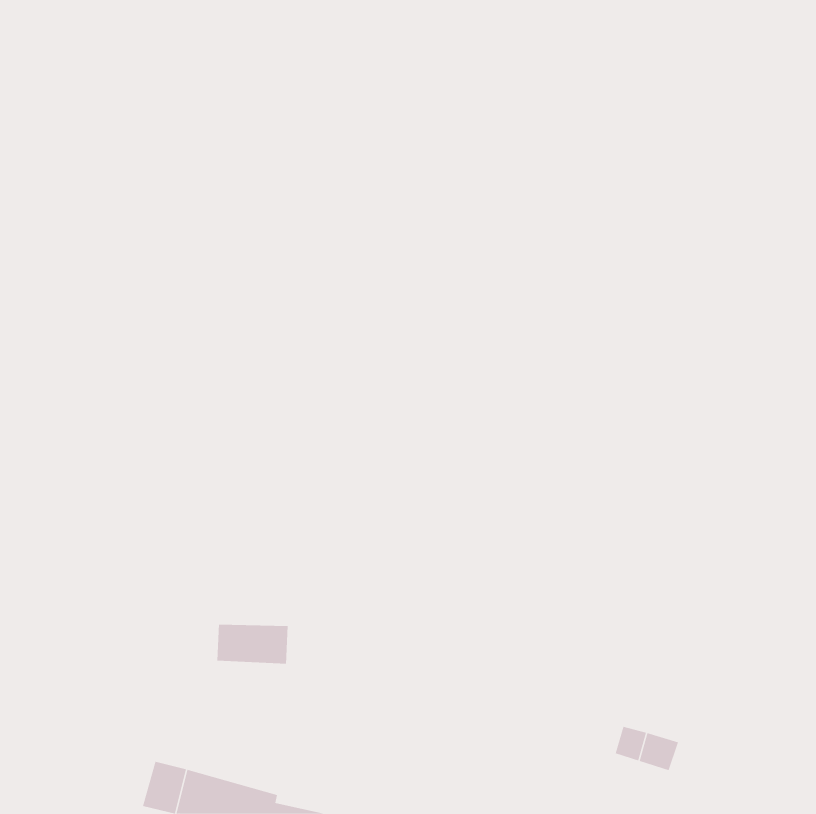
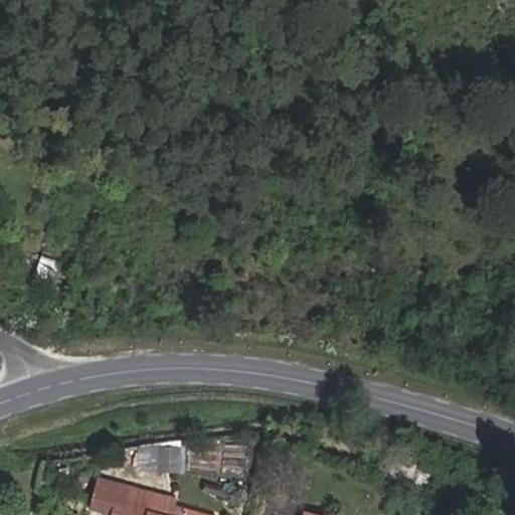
building: [217,624,288,664] -> [138,448,183,473]

